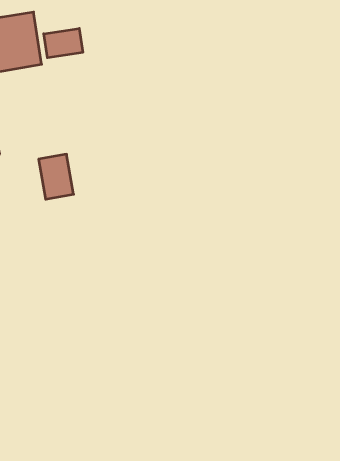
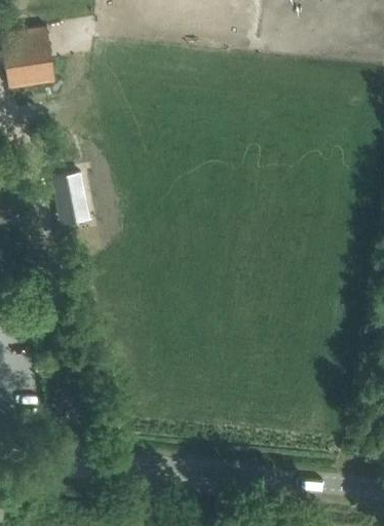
building: [44,28,83,58] -> none

